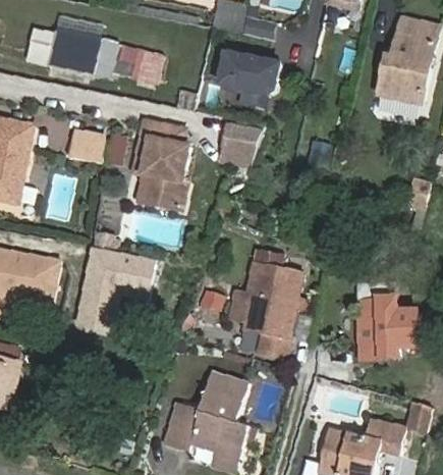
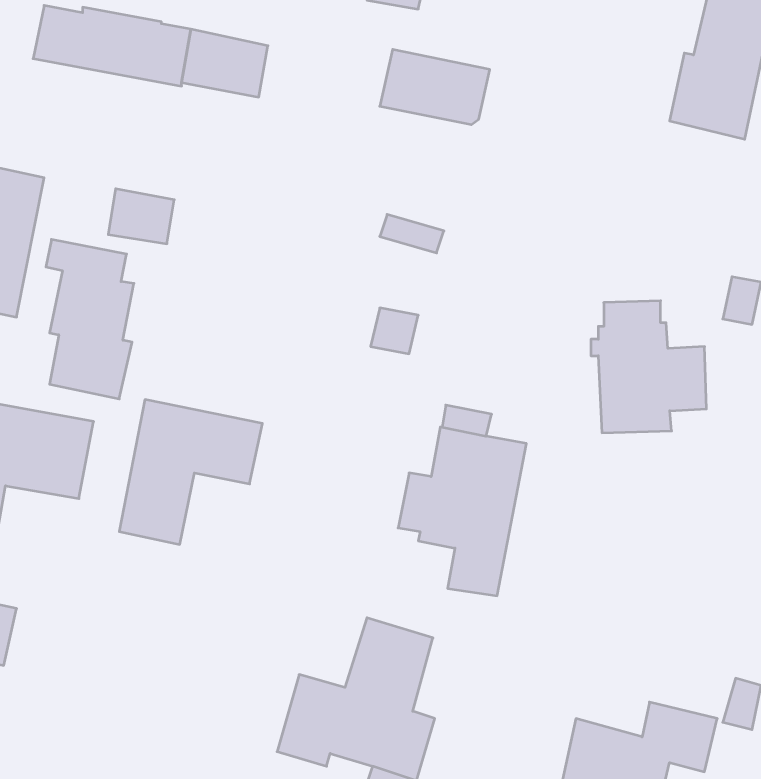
building: [141,120,189,209] -> [46,239,134,399]
building: [223,120,262,154] -> none
building: [353,284,418,358] -> [591,301,706,433]

